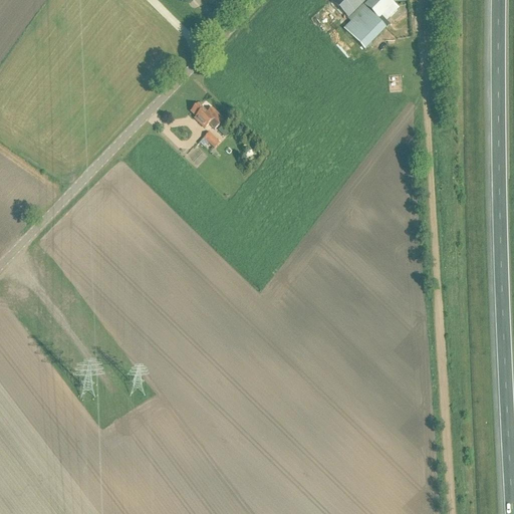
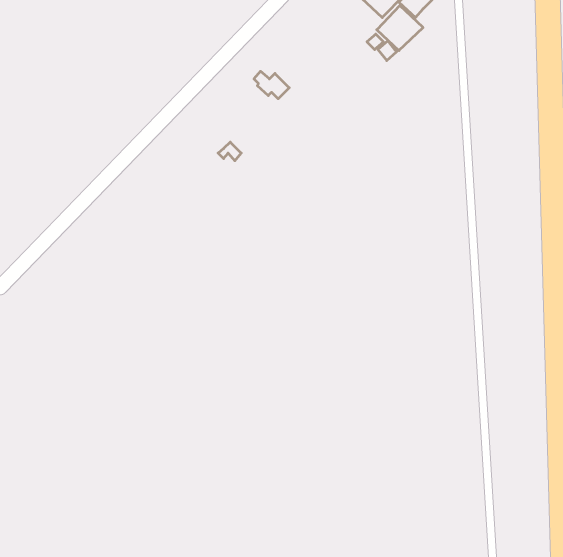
building: [193,102,225,127] -> [254,71,289,99]

